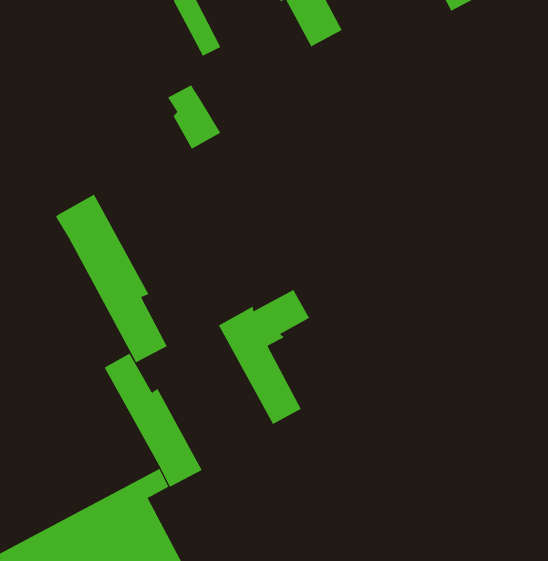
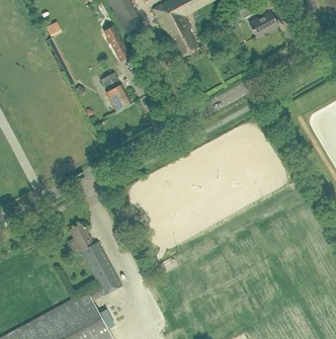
building: [56,194,168,363] -> none
building: [218,289,310,425] -> none

